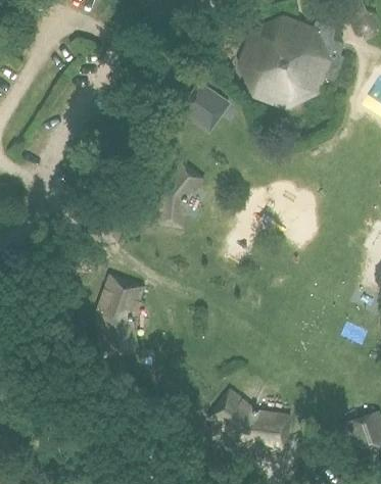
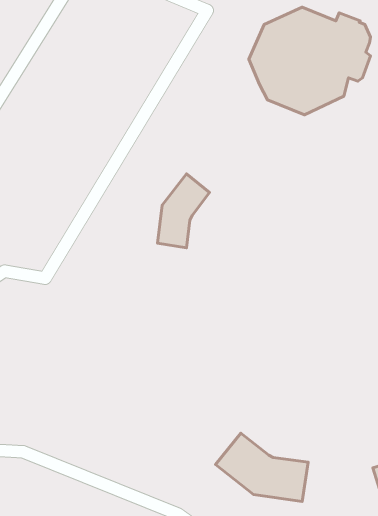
building: [182,83,229,130] -> none
building: [95,274,143,356] -> none

